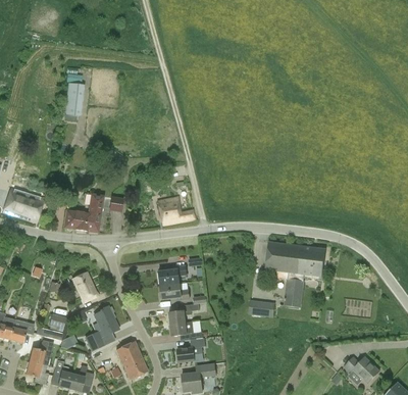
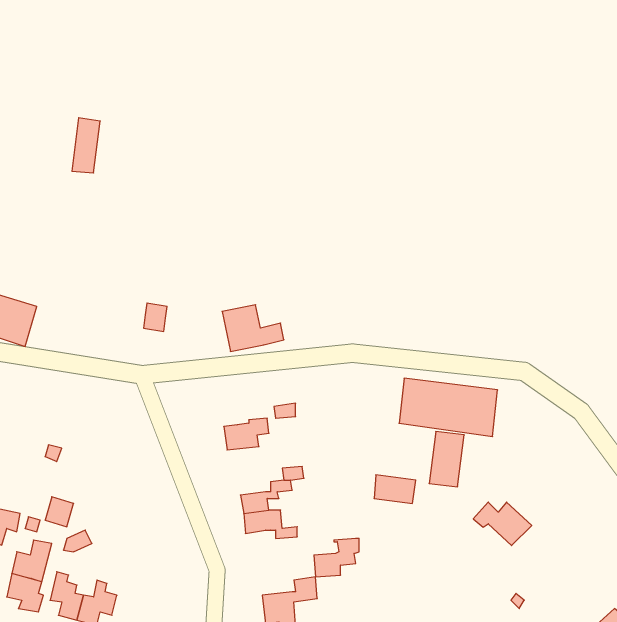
building: [64,194,103,231] -> none
building: [72,271,98,300] -> none
building: [160,283,189,301] -> none
building: [86,305,119,350] -> none
building: [177,338,205,361] -> [314,538,359,577]
building: [115,341,148,380] -> none
building: [344,356,379,383] -> [473,502,532,546]

